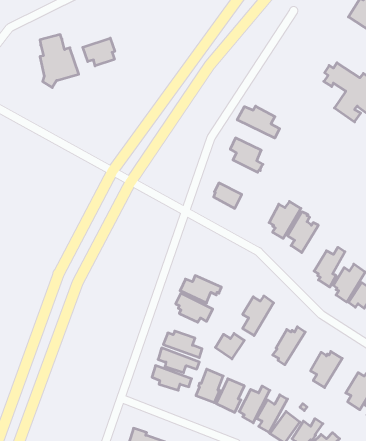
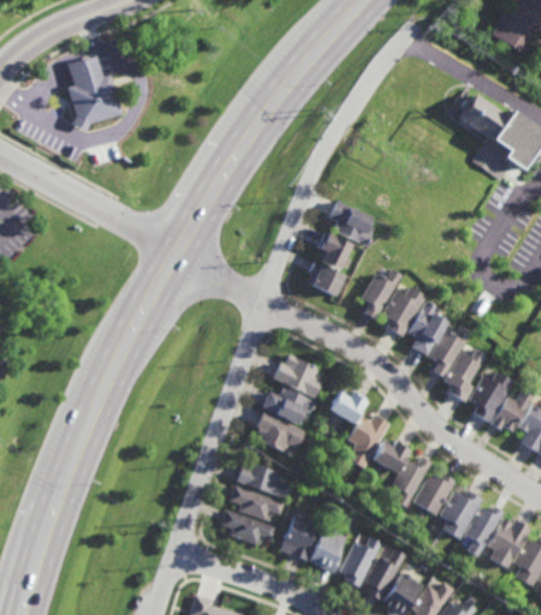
building: [83,38,115,66] -> none
building: [237,106,280,138] -> none
building: none -> [316,231,351,269]
building: none -> [361,268,402,320]
building: none -> [429,326,471,377]
building: none -> [272,354,323,399]
building: none -> [327,389,368,425]
building: [215,333,244,359] -> [370,440,410,474]
building: none -> [412,473,454,515]
building: none -> [464,507,504,559]

